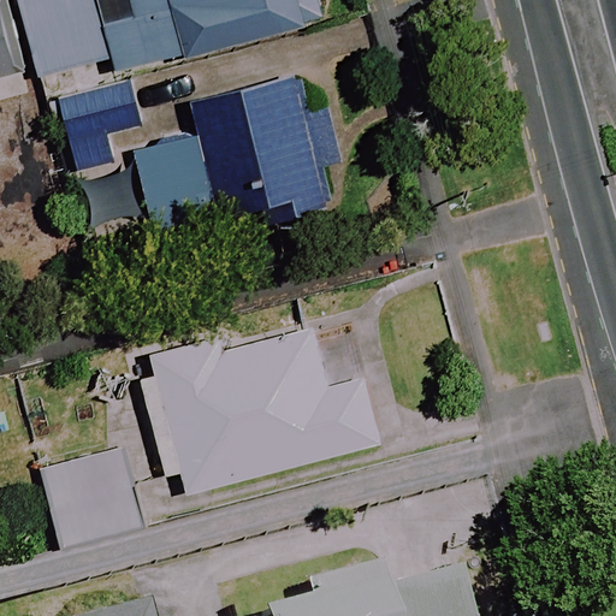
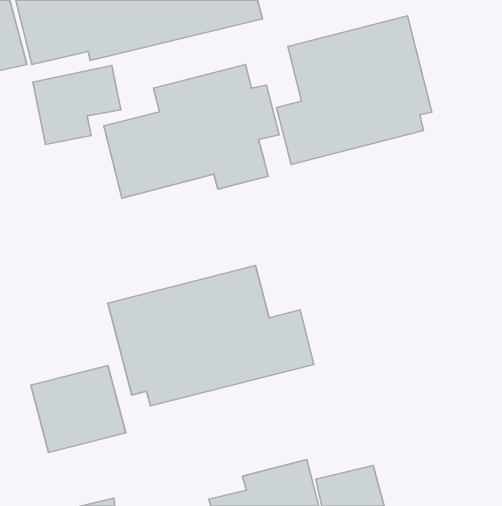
building: none -> [277,16,432,164]

